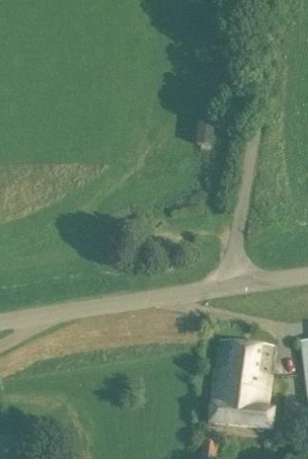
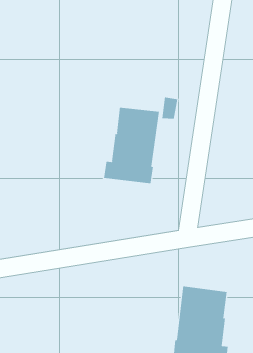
building: none -> [104,107,159,184]

